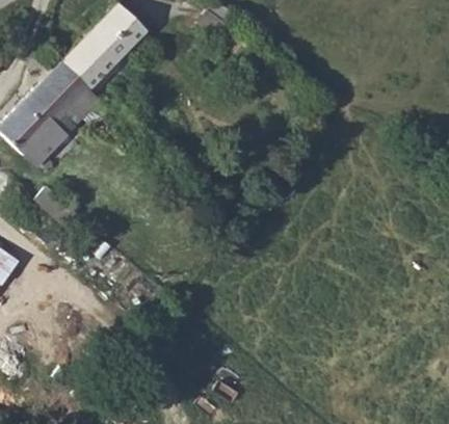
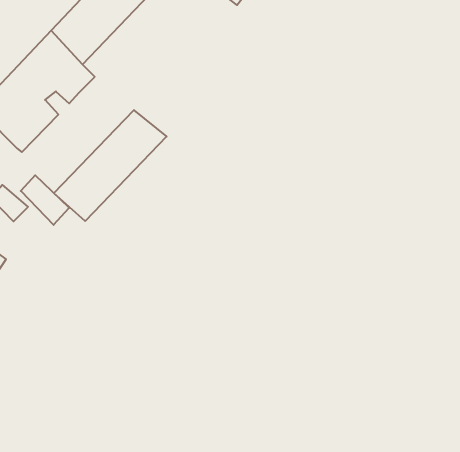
building: none -> [54,110,167,221]

